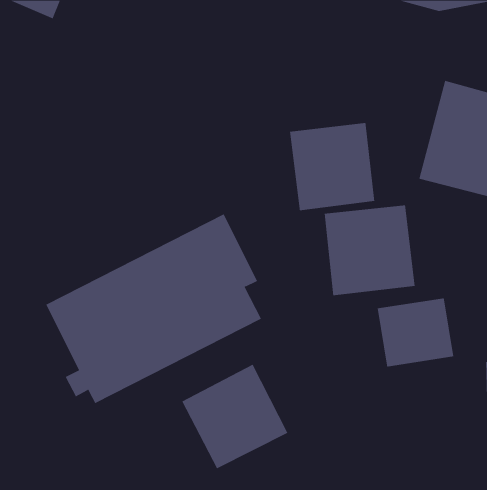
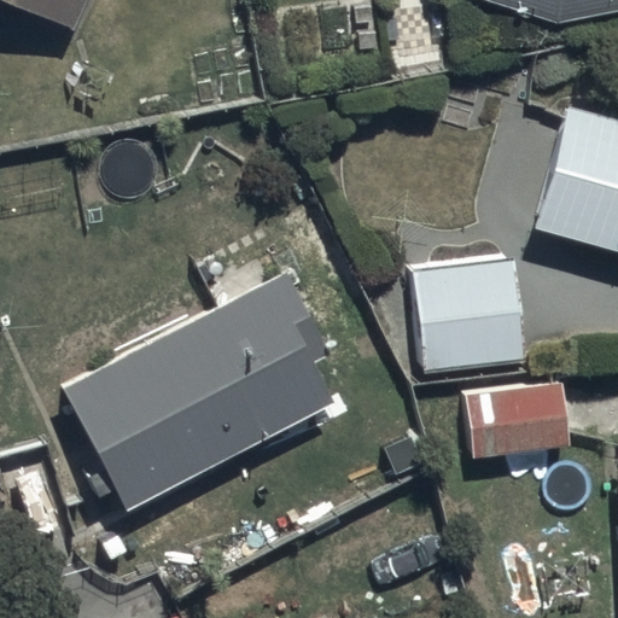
building: [289,122,375,211] -> none
building: [181,364,288,469] -> none

